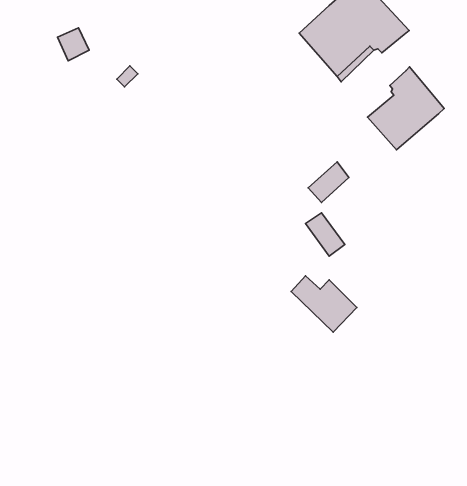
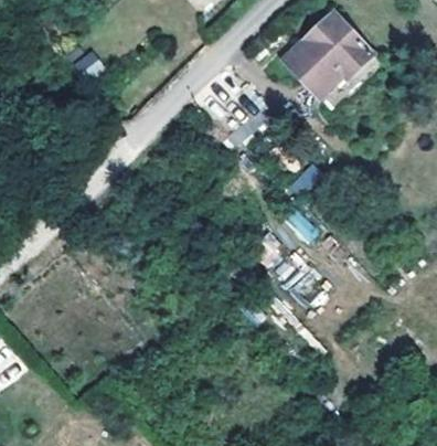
building: [368,67,444,150] -> none

